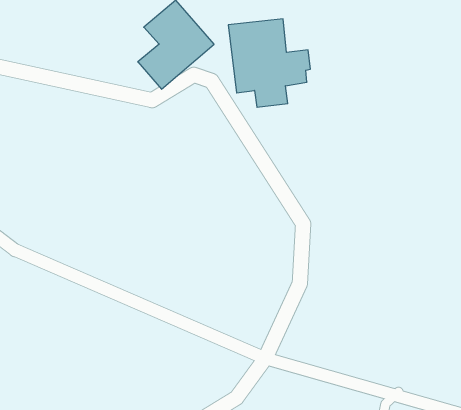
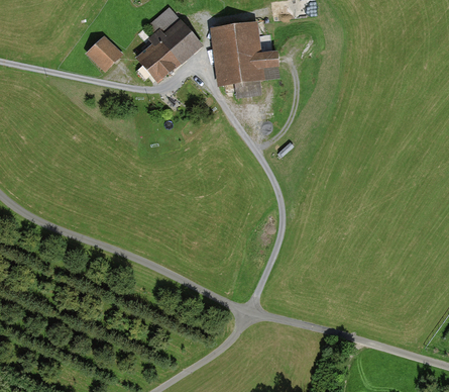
building: none -> [86,36,121,72]

